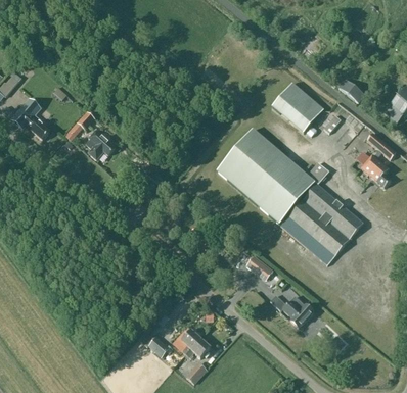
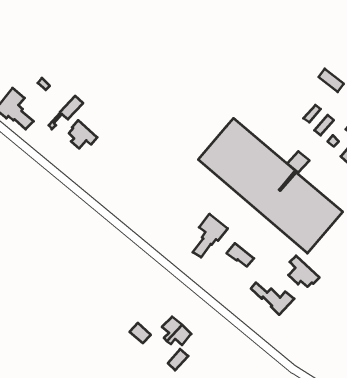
building: [272,82,323,132] -> none
building: none -> [193,214,228,257]
building: none -> [288,256,319,287]

